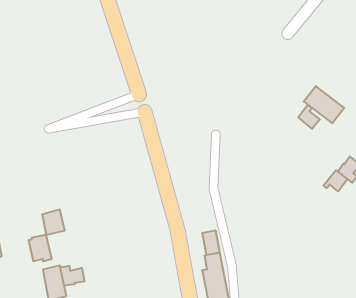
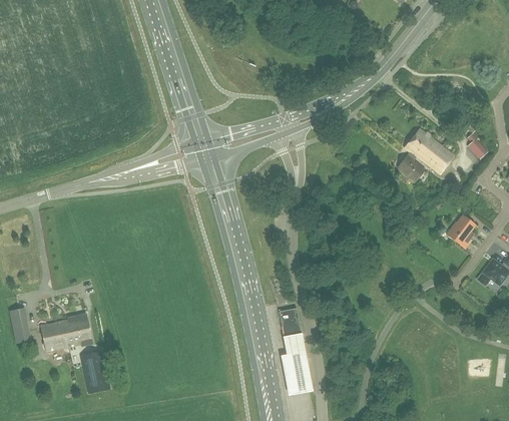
building: [323,170,348,191] -> none
building: [42,210,65,235] -> [41,319,69,350]
building: [60,266,85,286] -> none

